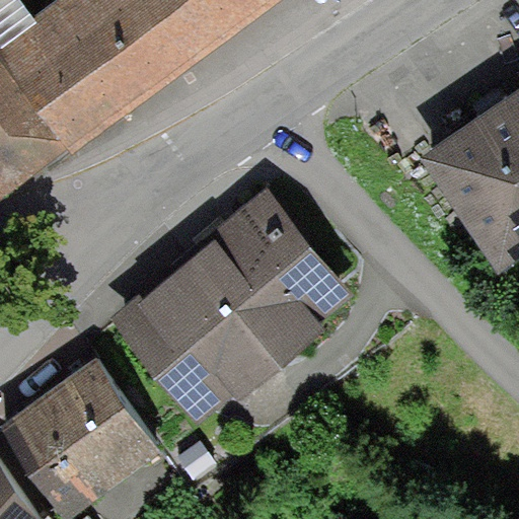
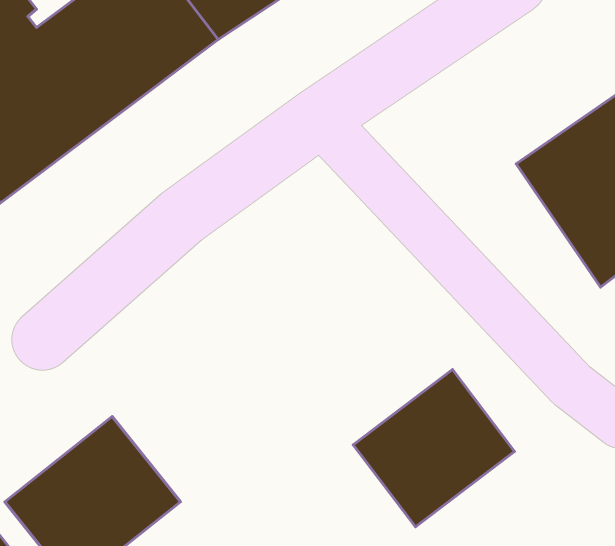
building: [137,207,336,393] -> none
building: none -> [353,369,515,527]

